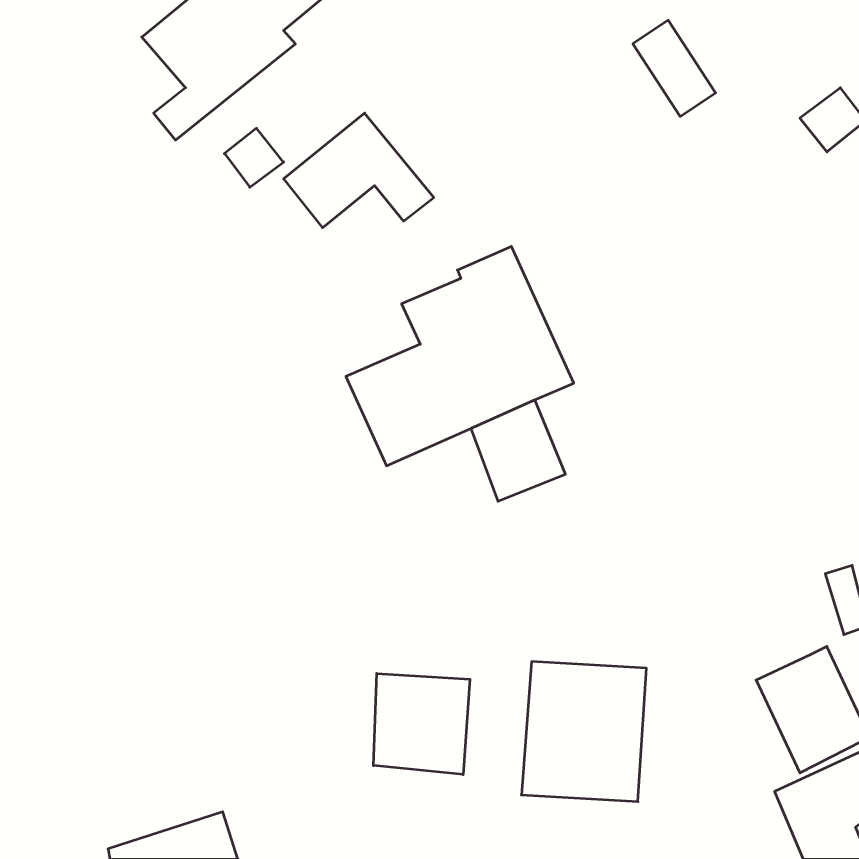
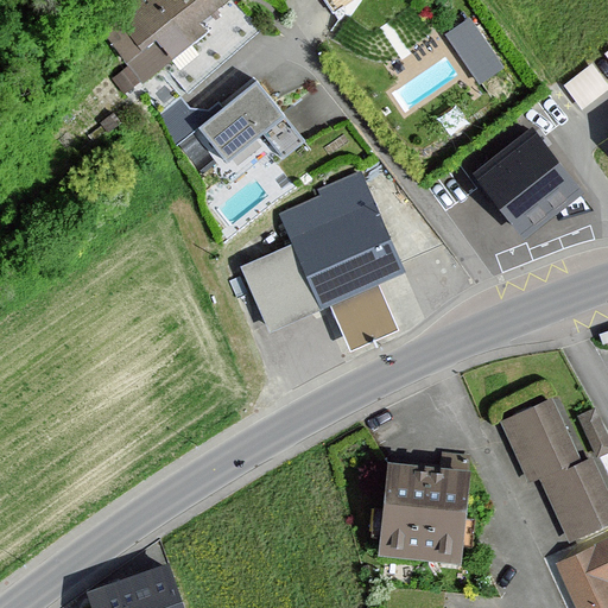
building: none -> [480,128,583,221]
building: none -> [492,398,572,483]
building: [373,673,470,775] -> none

